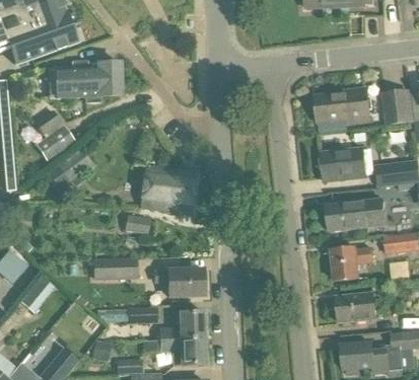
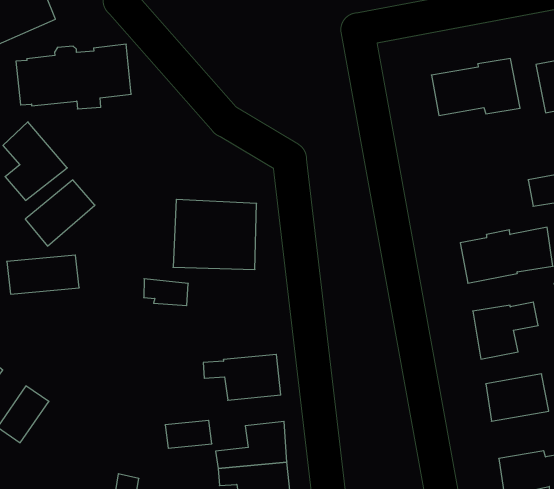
building: [322,148,373,180] -> none
building: [91,258,137,281] -> [7,255,79,294]

